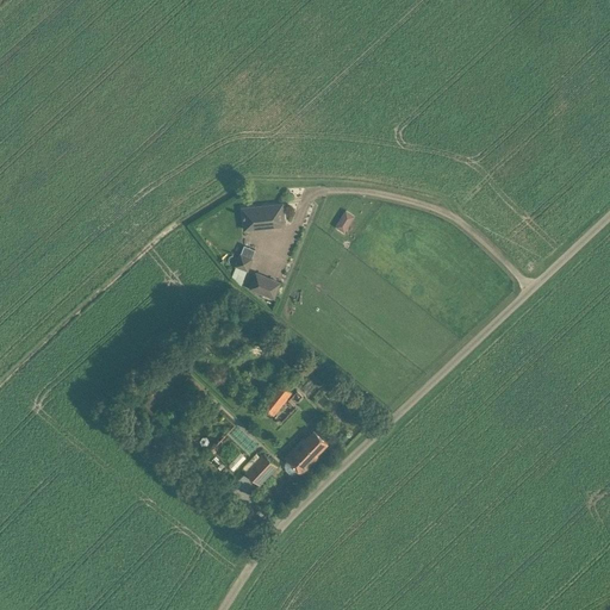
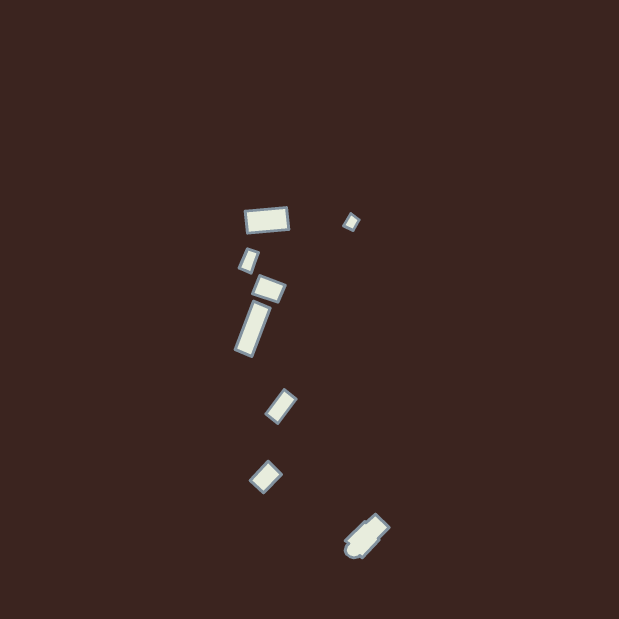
building: none -> [235,301,270,357]
building: [284,431,326,474] -> [345,514,389,558]

